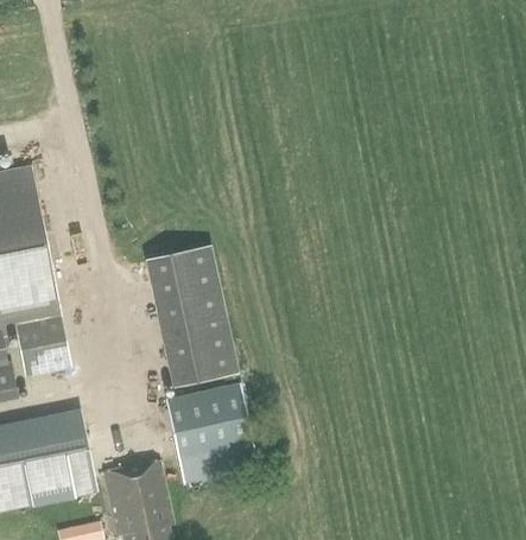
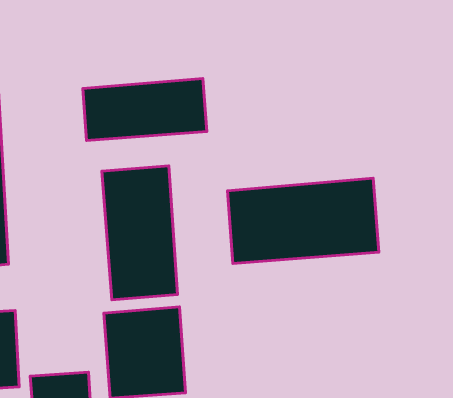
building: none -> [83,78,207,141]
building: none -> [227,178,379,263]

